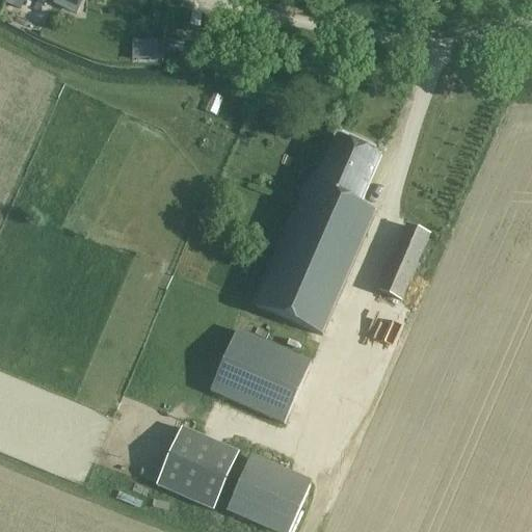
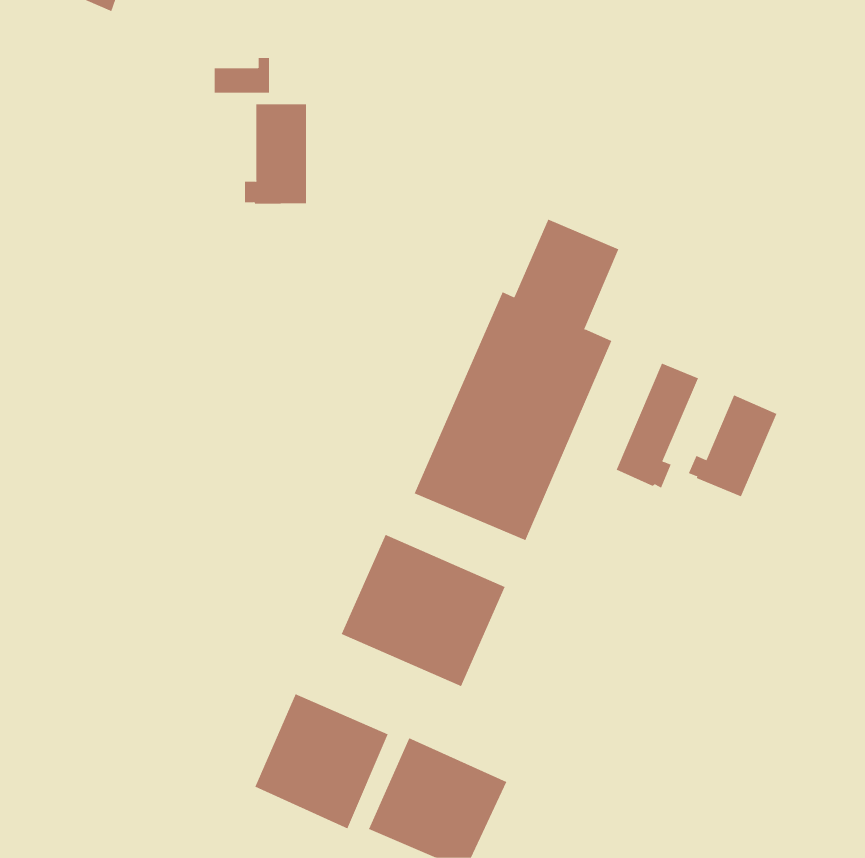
building: none -> [244,103,307,205]
building: none -> [688,395,777,497]

